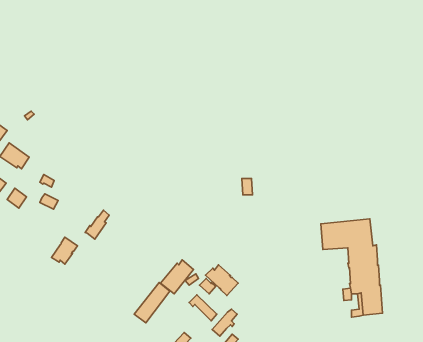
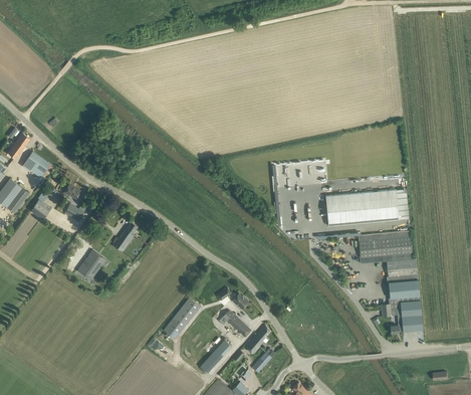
building: none -> [324,189,398,225]
building: [161,260,193,294] -> none
building: [206,265,238,296] -> none

